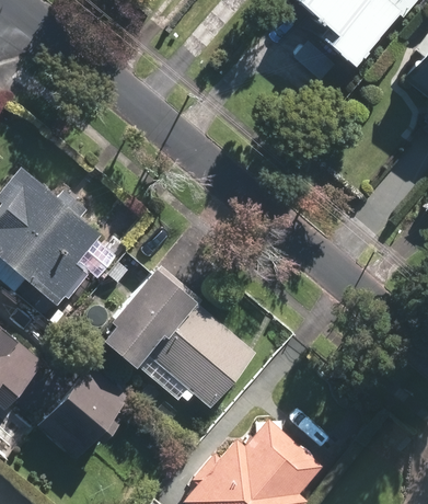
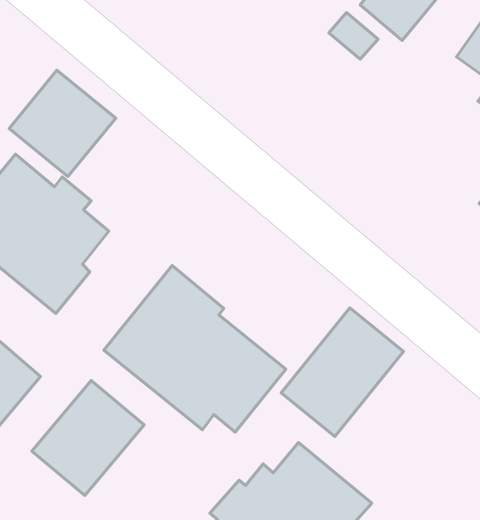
building: none -> [9,70,116,177]
building: none -> [281,308,403,436]

